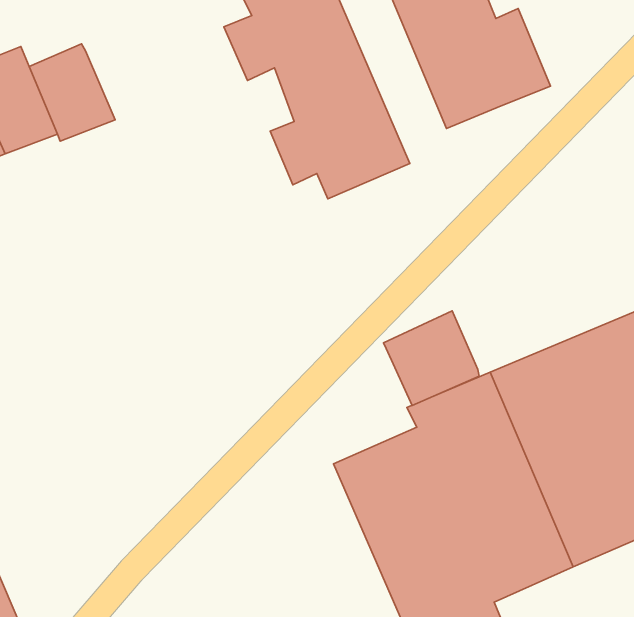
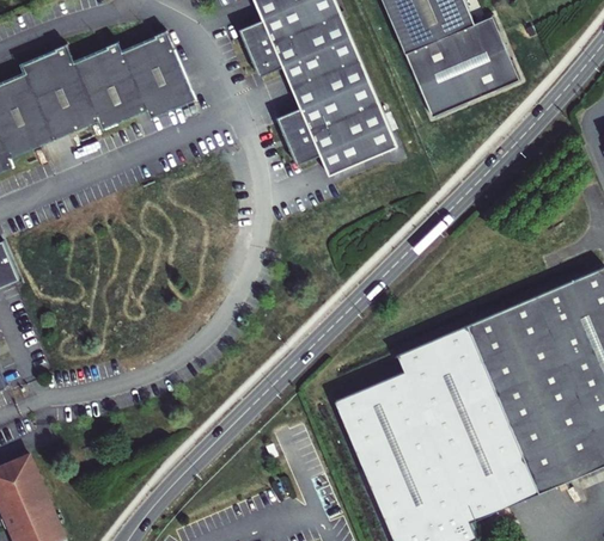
building: none -> [123,32,196,118]
building: [383,311,479,405] -> none

